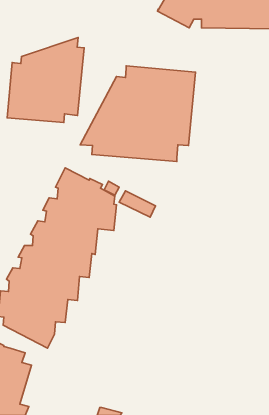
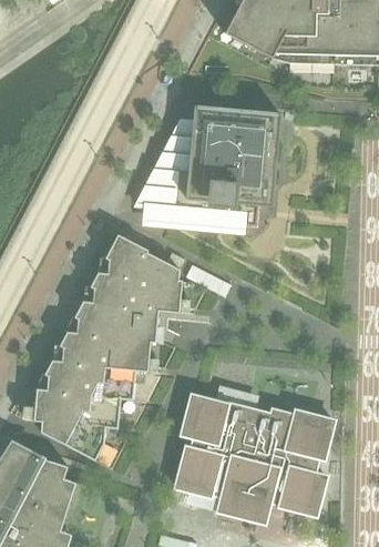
building: [7,37,84,122] -> none
building: none -> [174,395,332,523]

